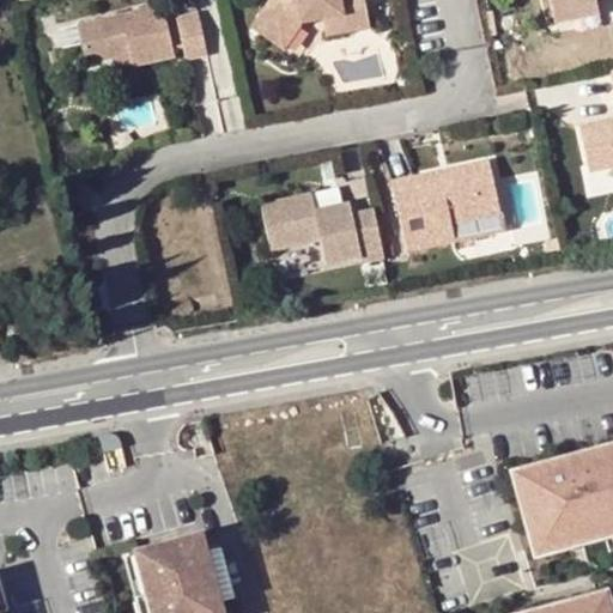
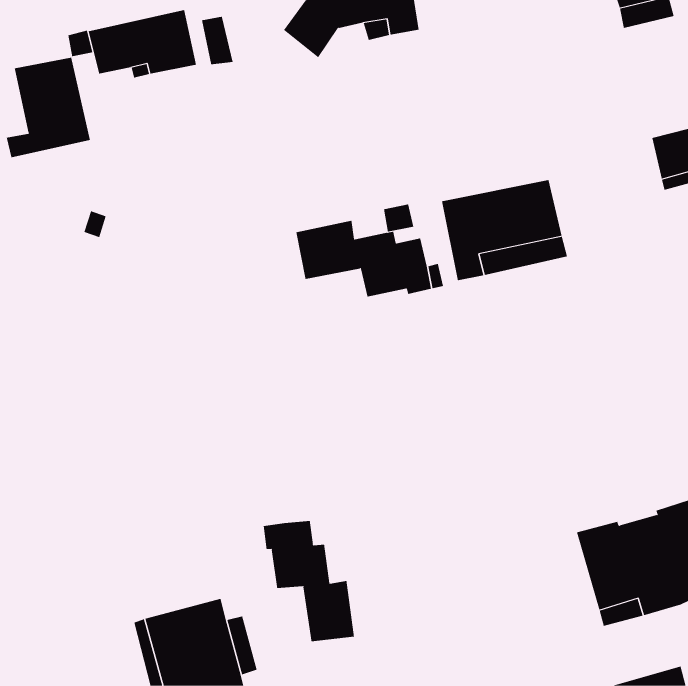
building: none -> [6,57,90,158]
building: none -> [263,520,354,642]

